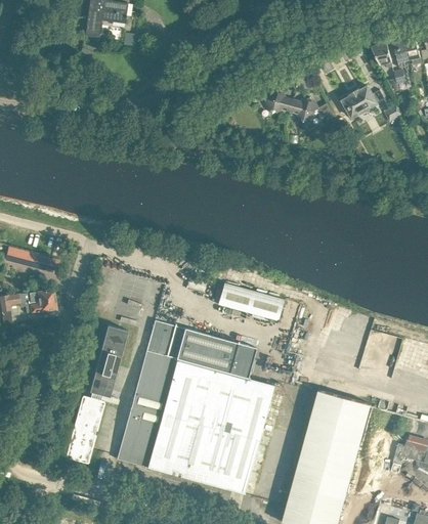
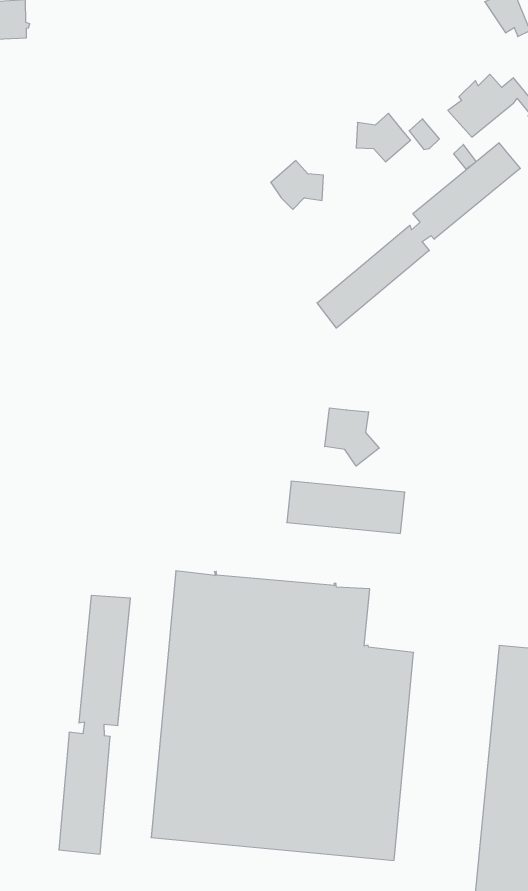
building: [264,89,293,115] -> [271,161,323,209]
building: none -> [317,143,520,328]
building: none -> [325,408,379,466]

